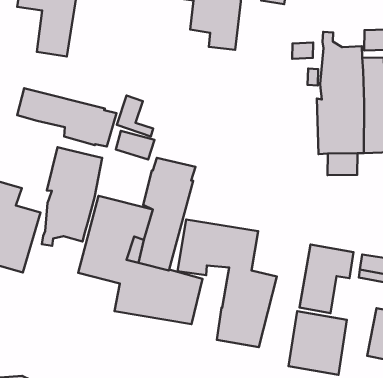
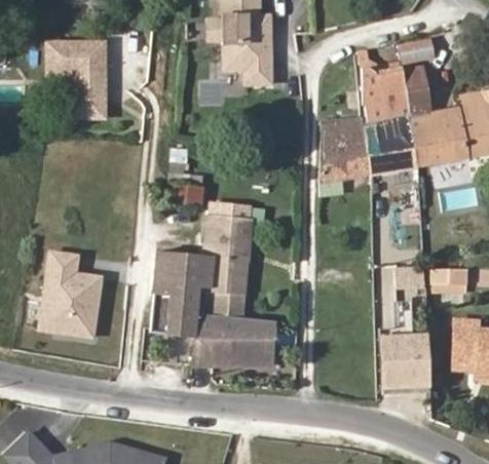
building: [17,88,117,147] -> none
building: none -> [321,119,373,196]
building: [42,147,102,246] -> none
building: [177,220,277,347] -> none

